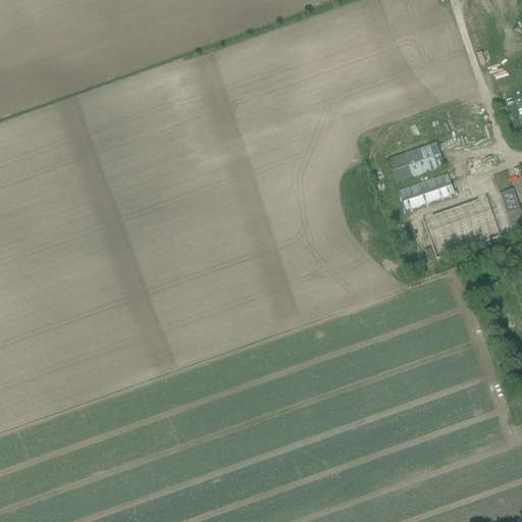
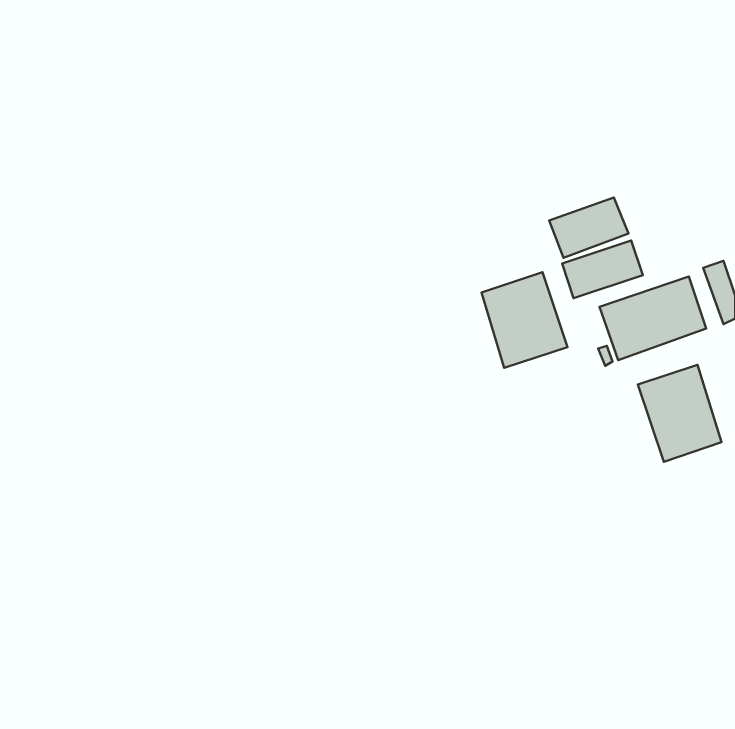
building: none -> [481,272,568,368]
building: none -> [638,365,722,462]

